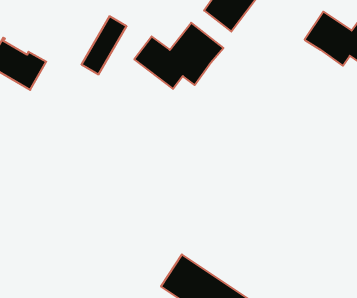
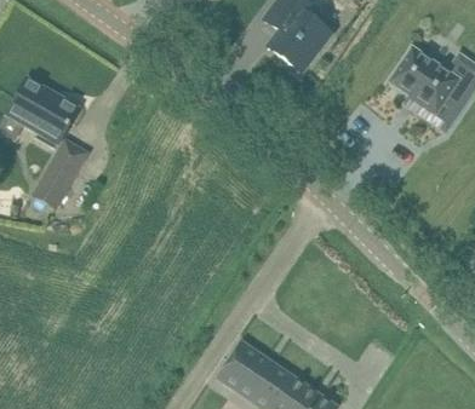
building: [81,16,127,74] -> [34,138,88,208]
building: [134,23,223,89] -> none

